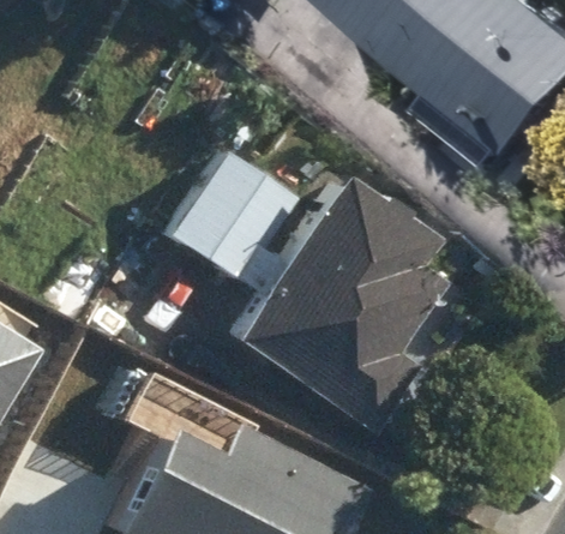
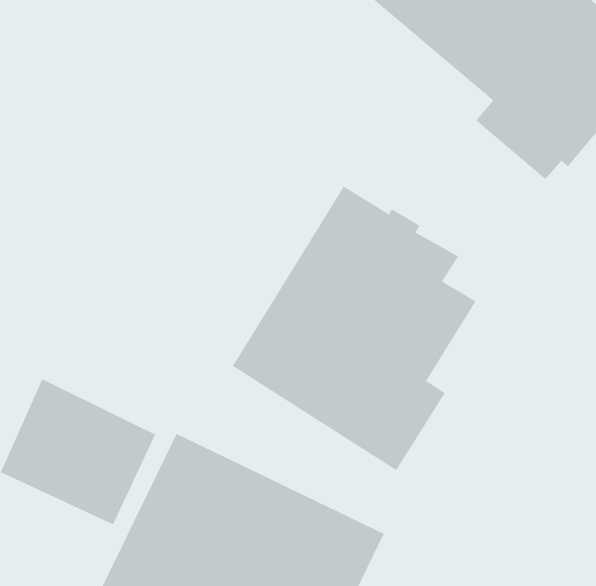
building: [164,146,293,277] -> none

